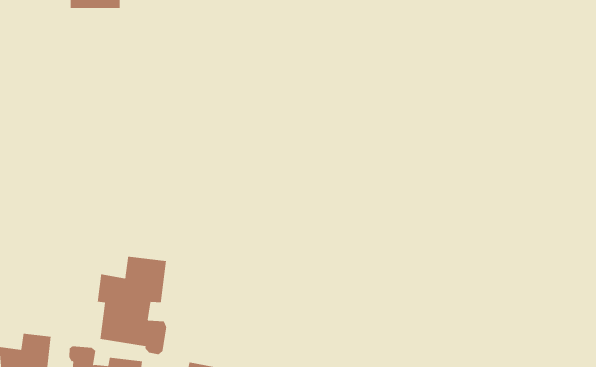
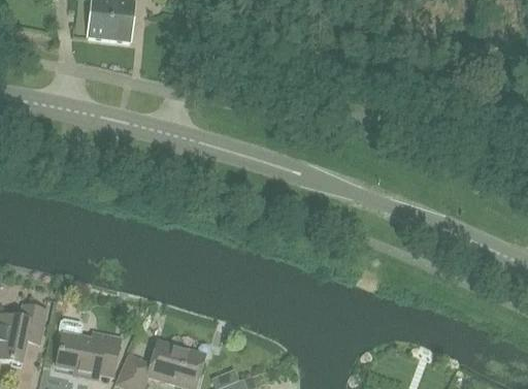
building: [97,256,167,355] -> none

